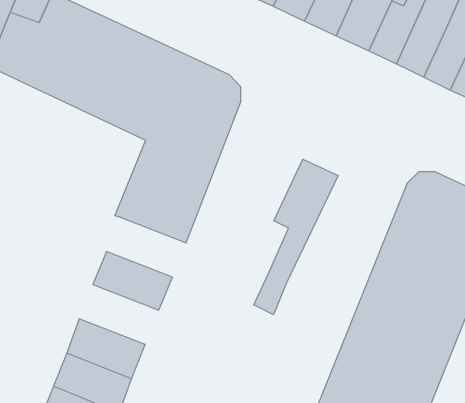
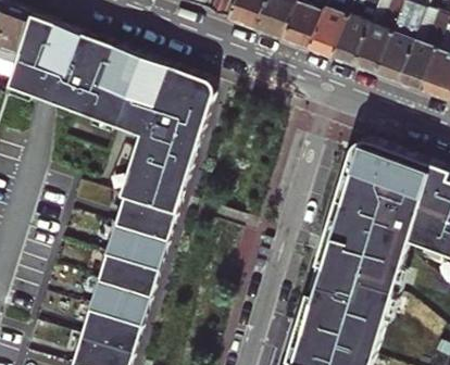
building: [254,159,338,315] -> none
building: none -> [114,198,177,242]
building: none -> [97,253,160,298]

